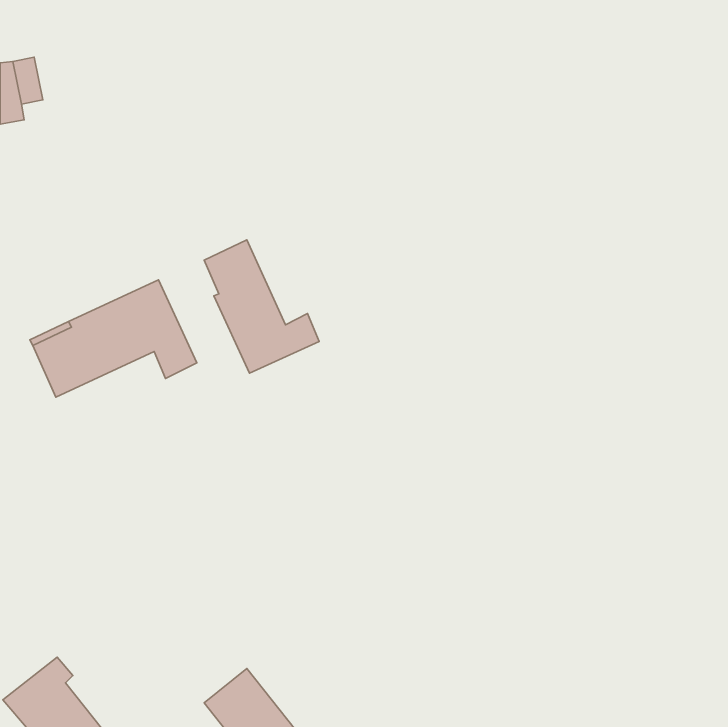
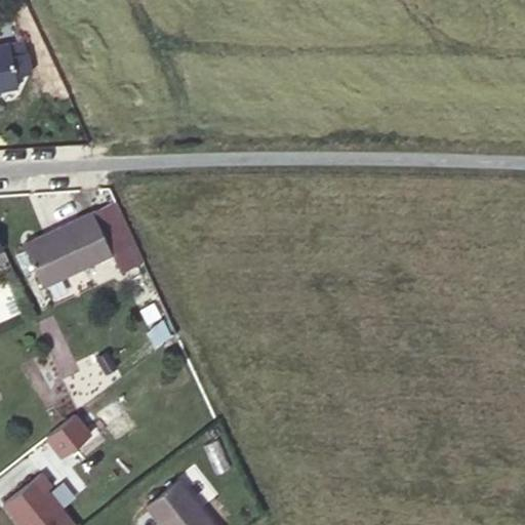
building: [204,240,319,373] -> none
building: none -> [47,417,90,457]

